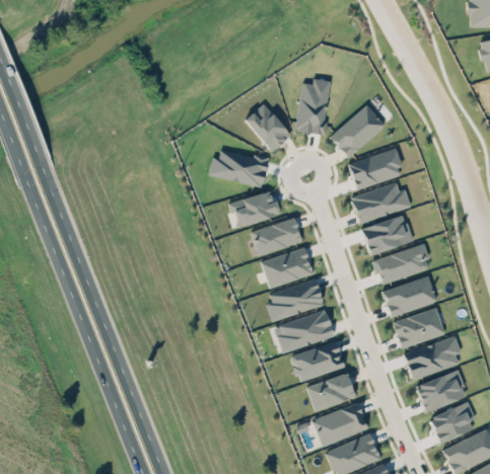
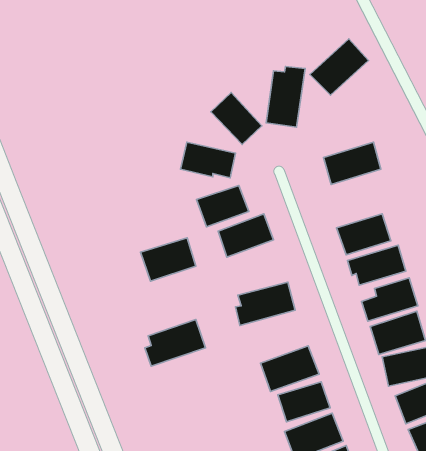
building: [331,104,386,157] -> [310,39,368,95]
building: [351,182,412,223] -> none
building: [262,247,313,288] -> [141,238,196,281]
building: [278,309,335,352] -> [145,320,206,366]

